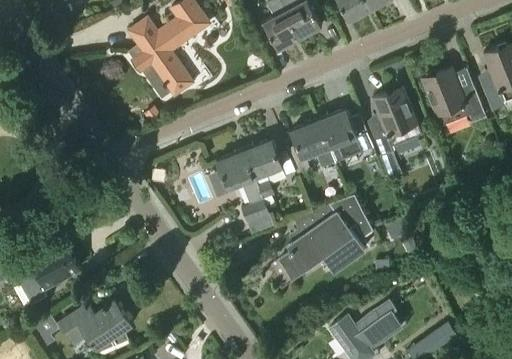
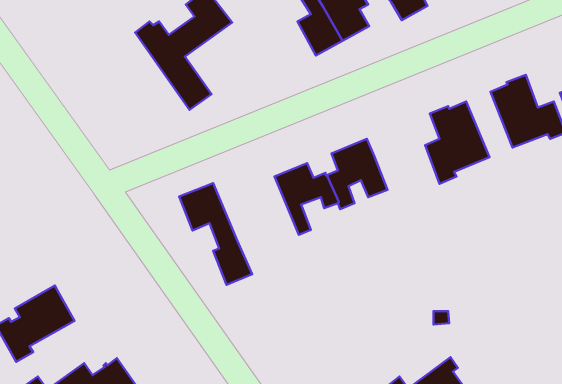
building: [320,110,372,162] -> none
building: [216,151,276,235] -> [179,183,252,285]
building: [279,194,372,280] -> none

